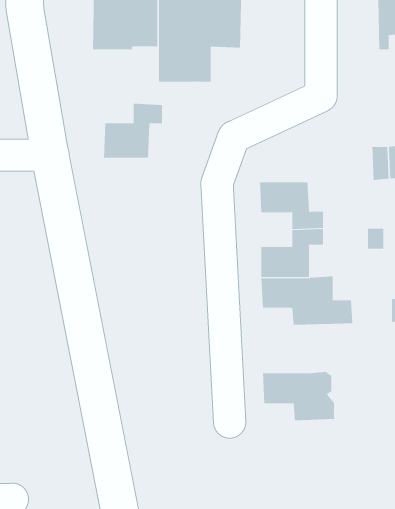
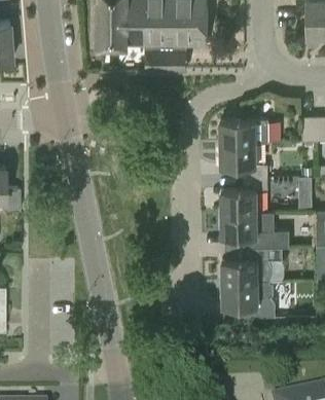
building: [104,103,163,159] -> none
building: none -> [220,120,268,144]
building: none -> [222,248,283,284]

